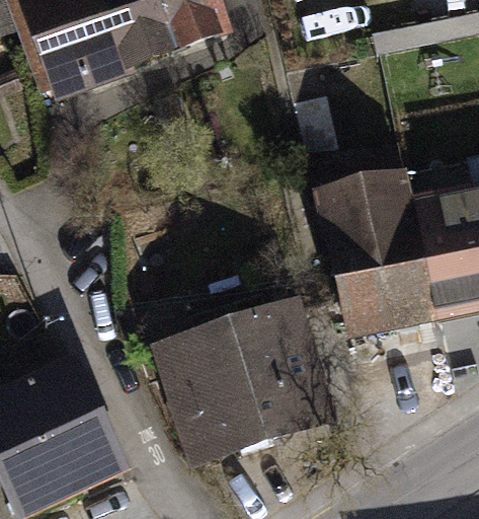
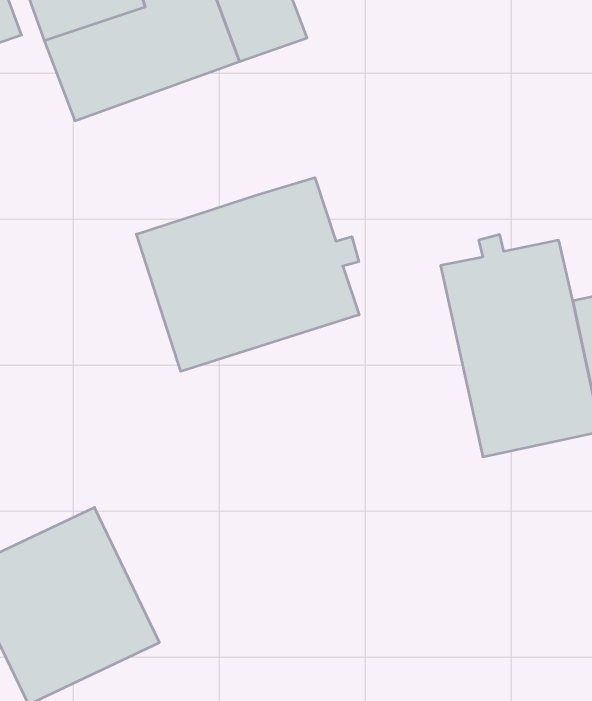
building: none -> [136,178,359,371]
building: [169,306,327,458] -> none

